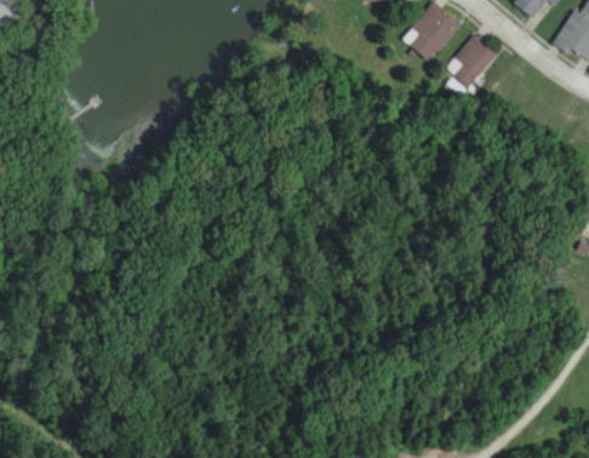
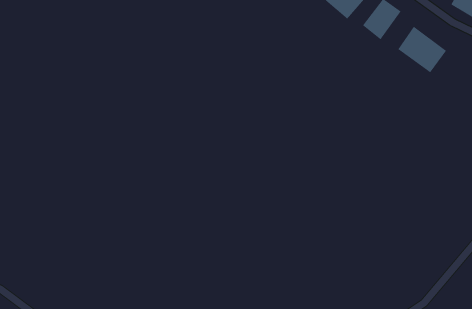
building: none -> [398,26,447,73]

